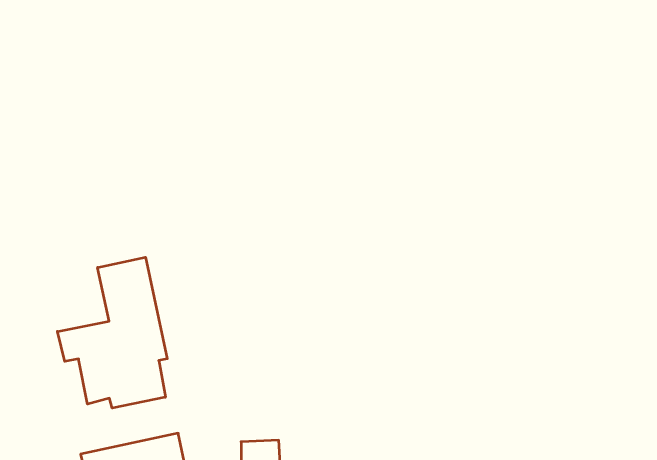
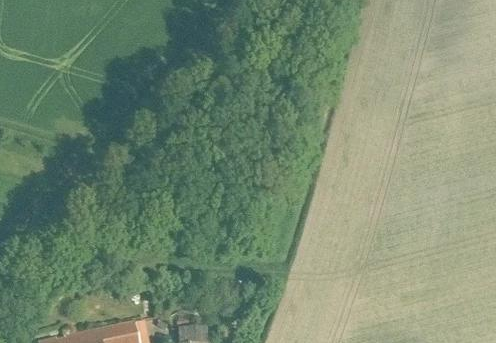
building: [57,257,167,408] -> none

